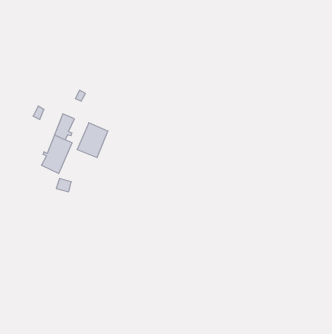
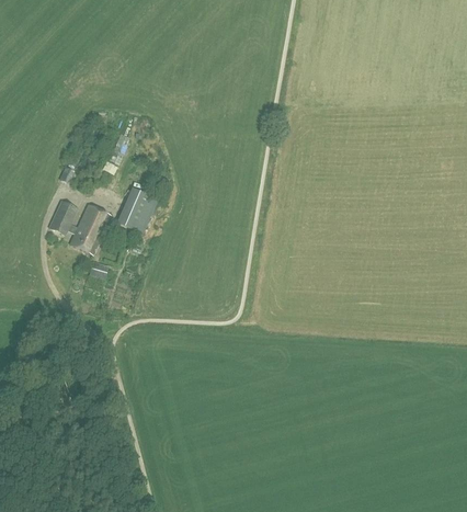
building: [54,114,74,140] -> [49,200,76,234]

